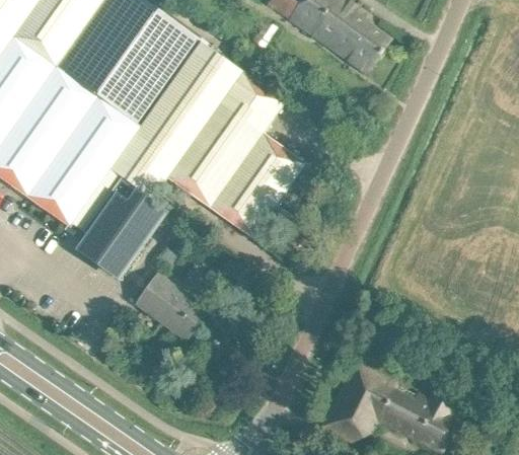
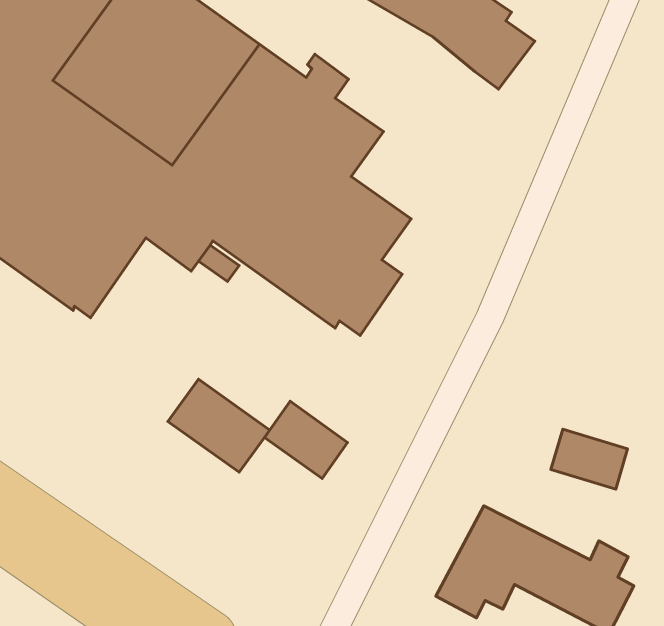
building: [81,175,164,272] -> none
building: none -> [265,401,347,478]
building: none -> [551,429,628,489]

